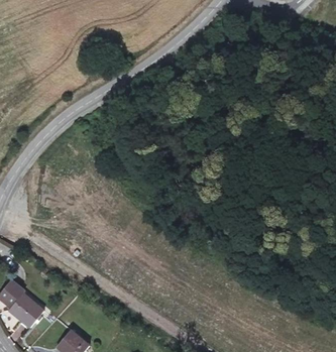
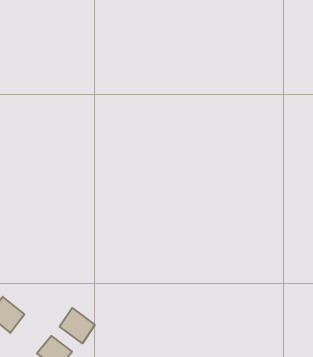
building: none -> [60,308,95,343]

